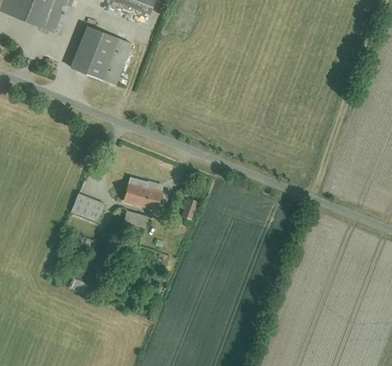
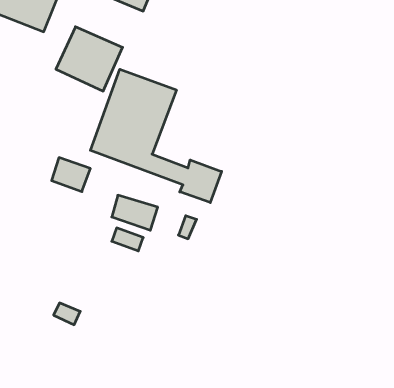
building: none -> [90,69,222,203]
building: [70,191,105,222] -> [52,158,90,192]

